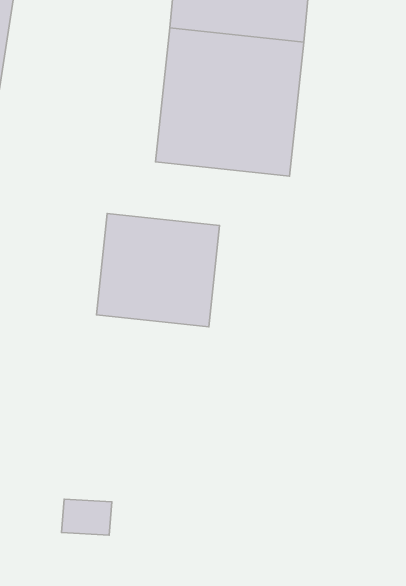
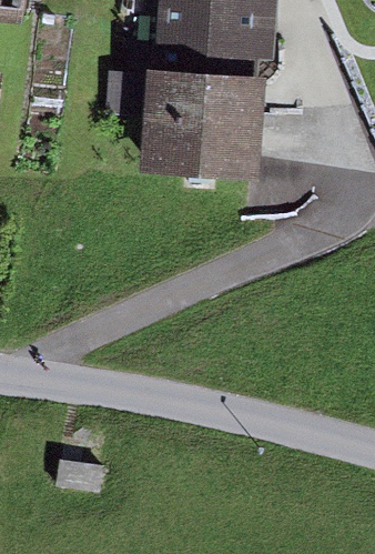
building: [96,214,219,327] -> none

